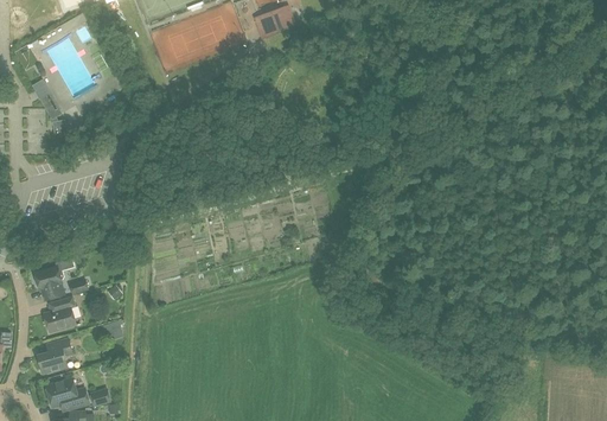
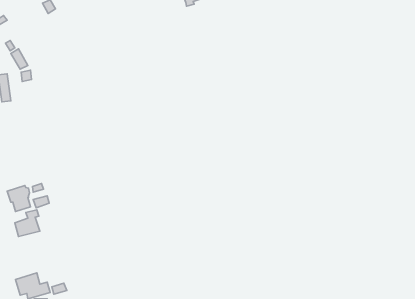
building: [36,336,71,371] -> none

